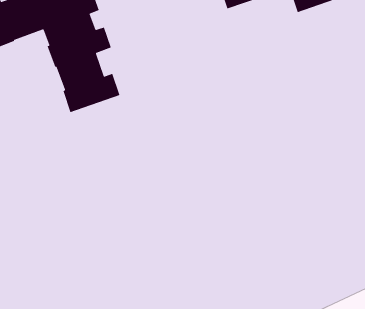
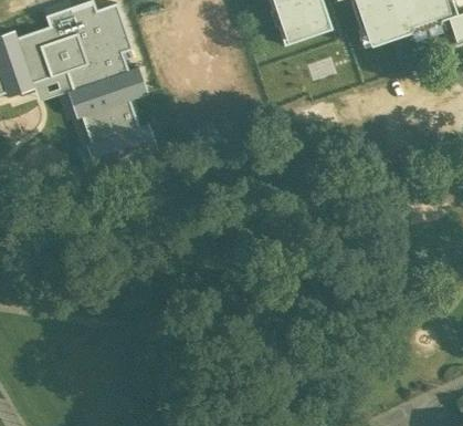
building: none -> [33,71,73,101]

